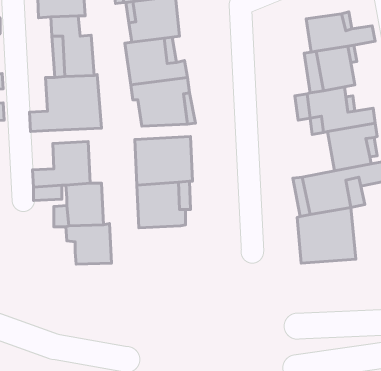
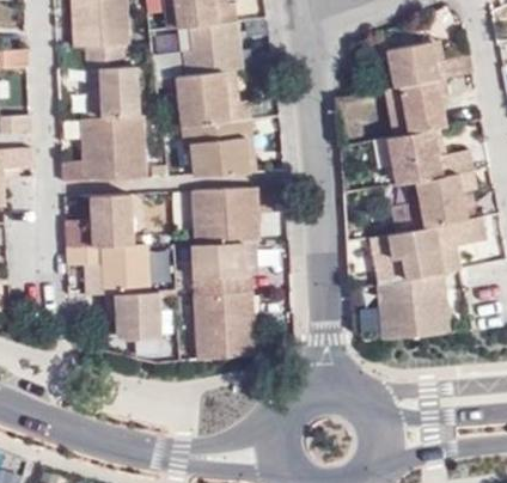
building: none -> [191,292,250,359]

